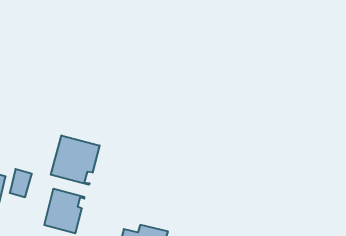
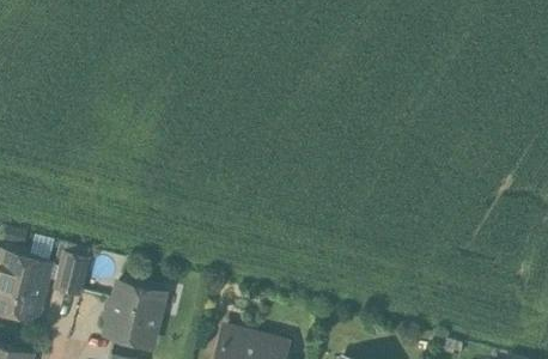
building: [51,135,100,185] -> none

